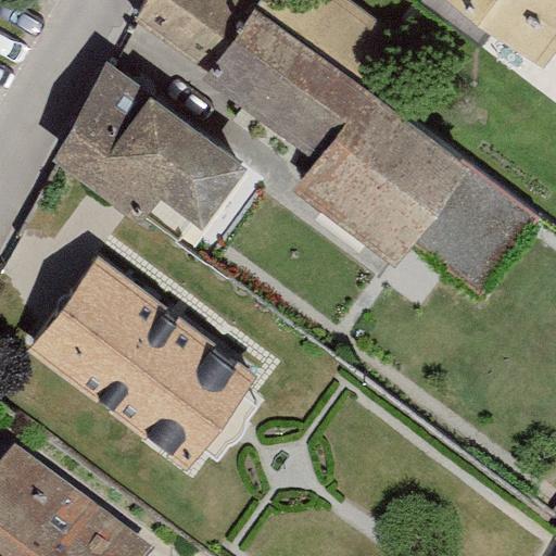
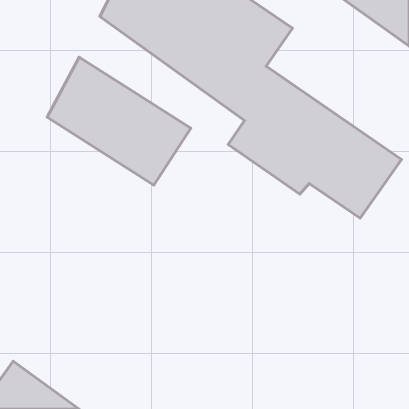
building: [34,262,254,454] -> none

